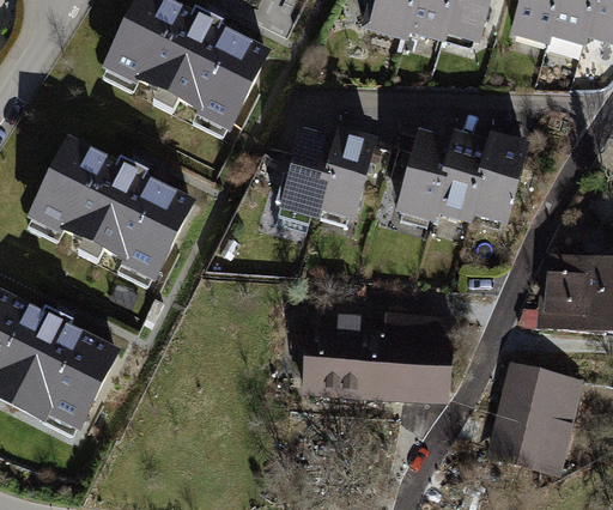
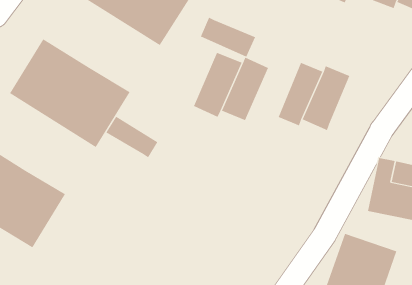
building: none -> [200,17,256,58]
building: [473,138,533,225] -> none
building: none -> [105,116,158,158]
building: [305,315,454,406] -> none

